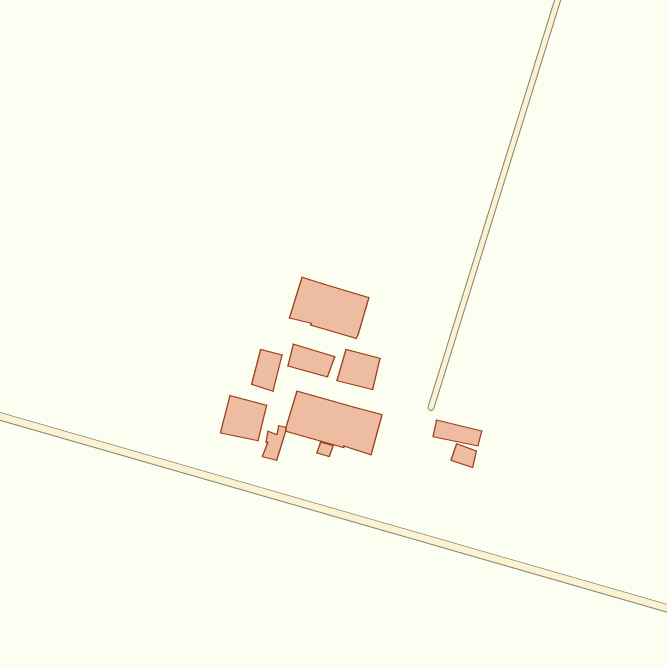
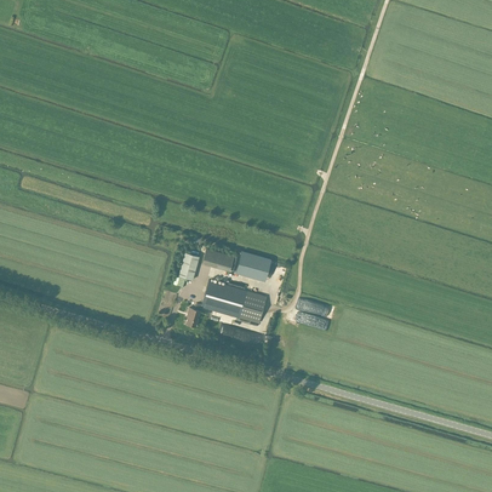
building: [289,277,369,339] -> none
building: [221,395,266,441] -> none

